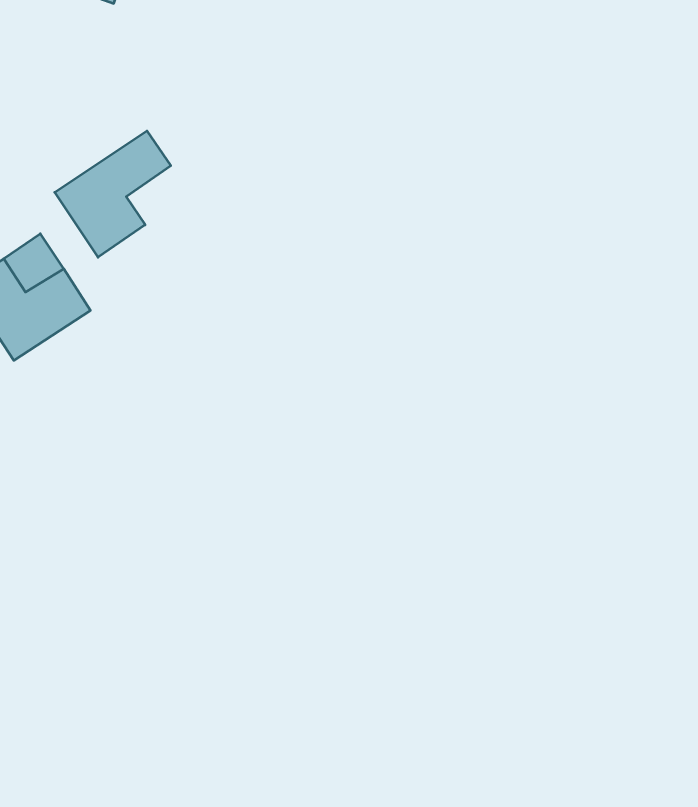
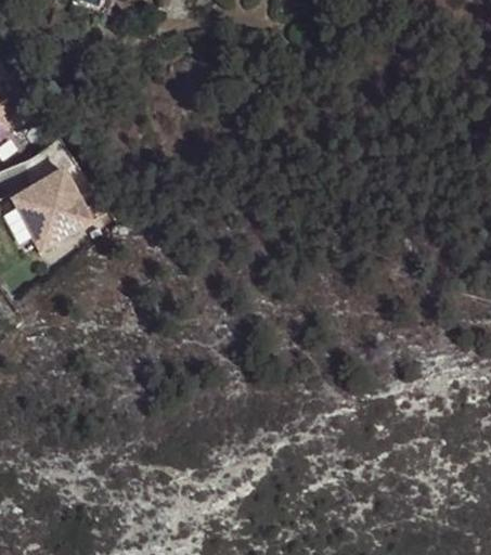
building: [55,131,171,257] -> none

